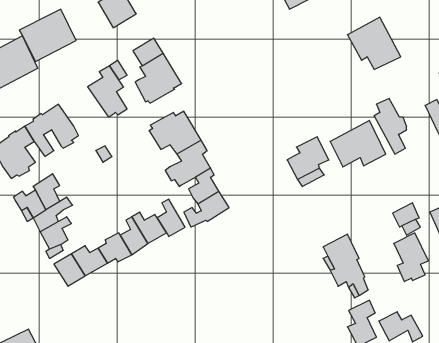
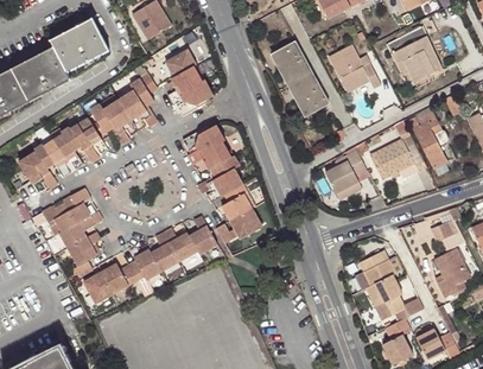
building: none -> [272,43,326,115]
building: none -> [328,45,380,93]
building: none -> [93,98,141,144]

